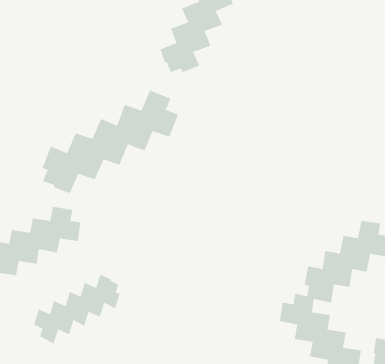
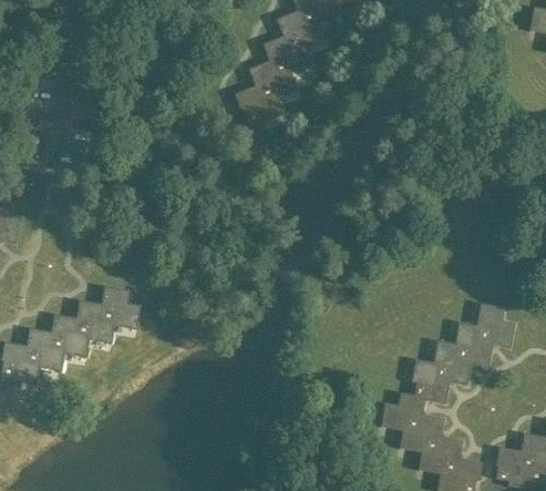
building: [42,90,179,194] -> none
building: [34,274,120,344] -> none

